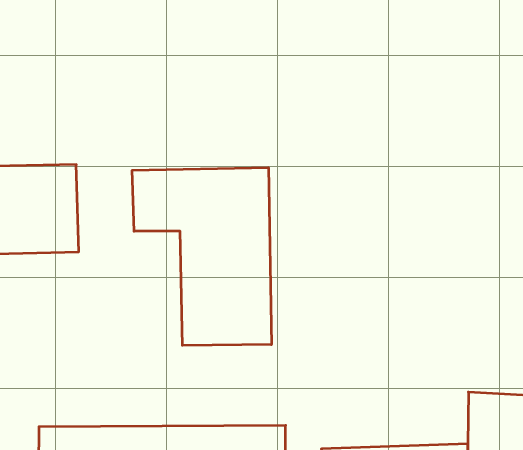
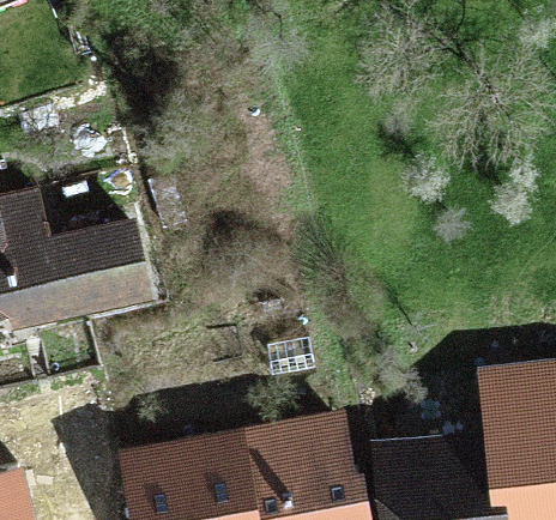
building: [132,168,271,345] -> none

